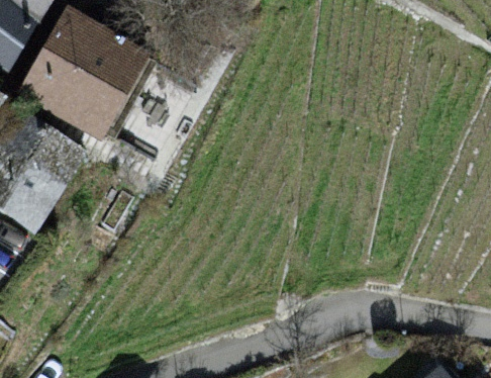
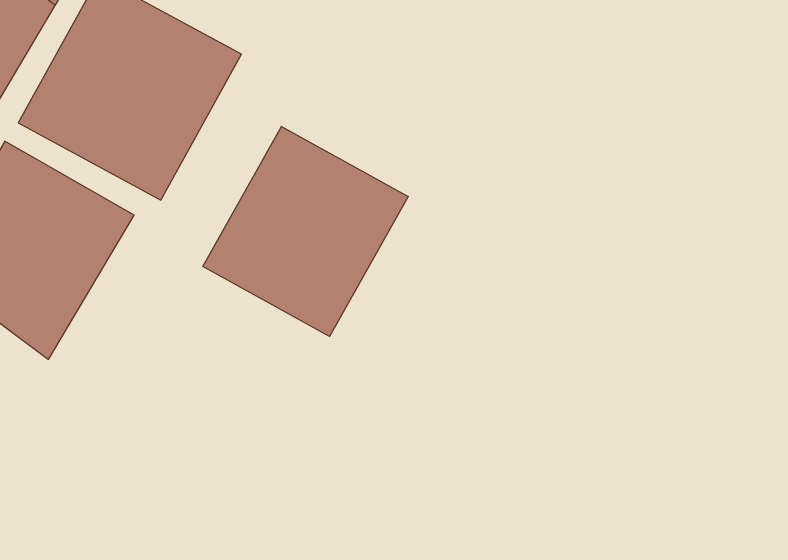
building: none -> [203,126,408,336]

